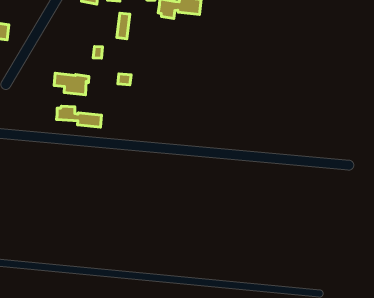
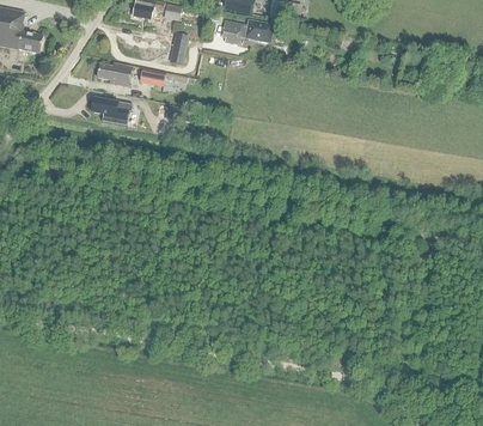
building: none -> [99,63,134,87]
building: [56,106,102,127] -> none

